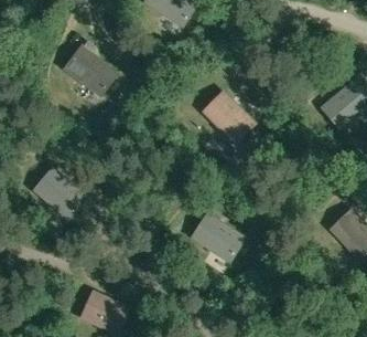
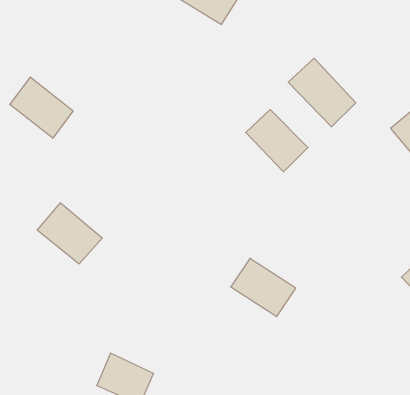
building: [64,45,116,95] -> [10,77,73,138]
building: none -> [288,58,356,127]

